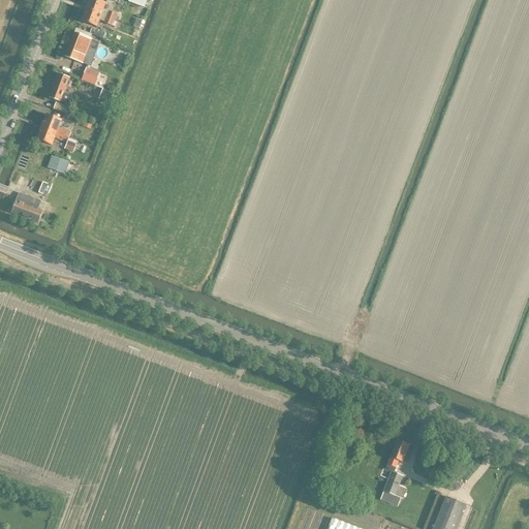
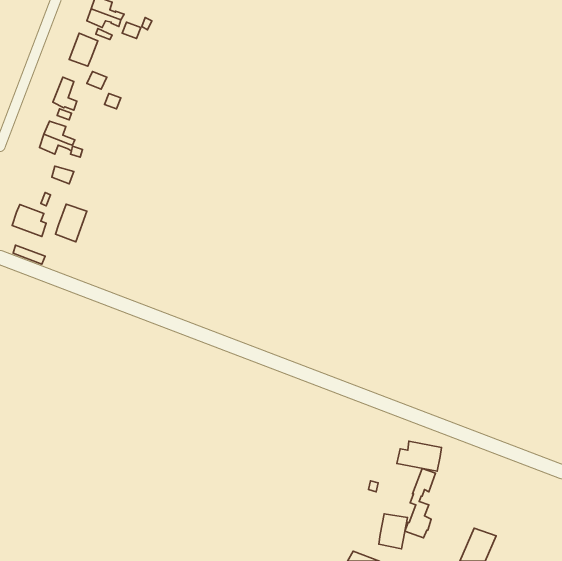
building: none -> [56,204,87,242]
building: none -> [397,441,441,471]
building: none -> [379,514,407,549]

